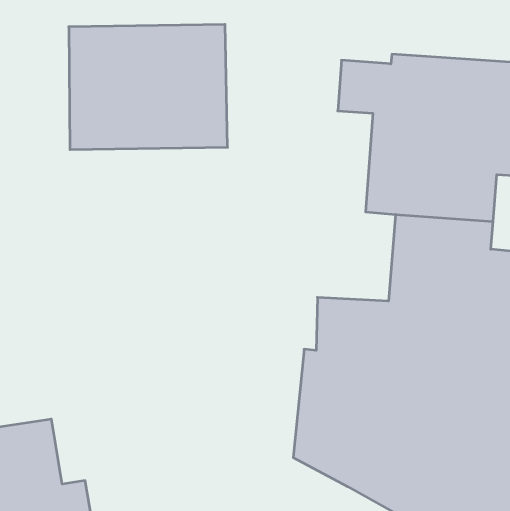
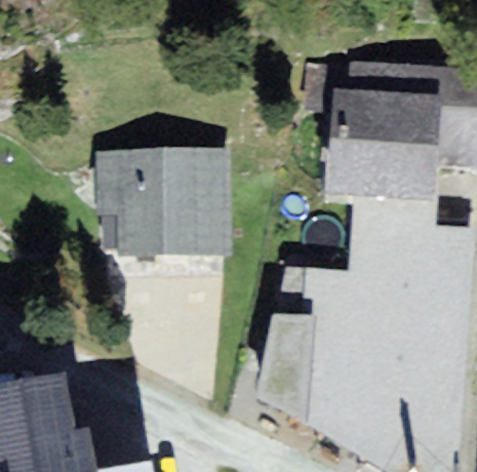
building: [69,24,228,150] -> [94,149,230,255]

